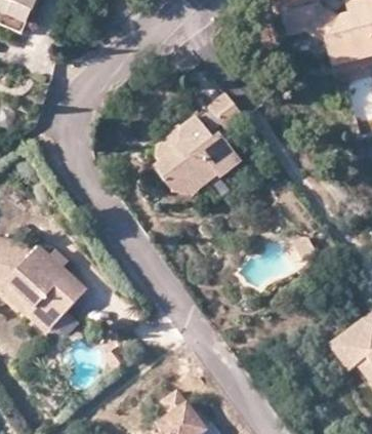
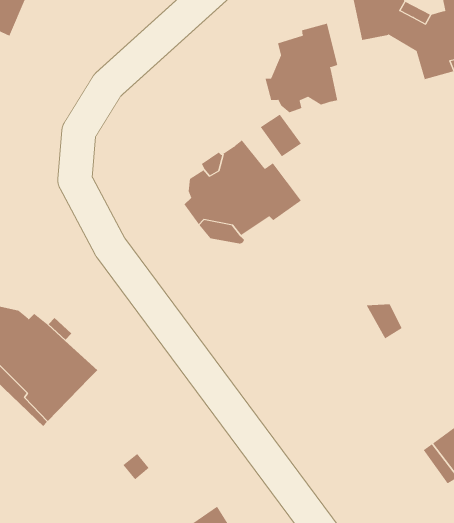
building: none -> [265,23,338,113]

